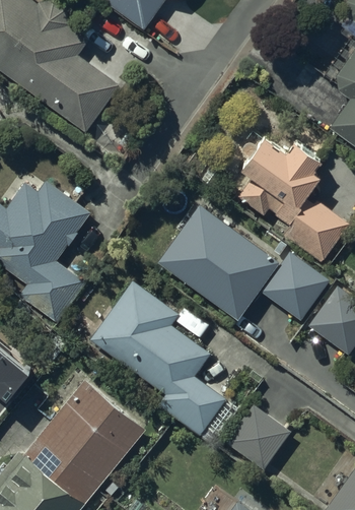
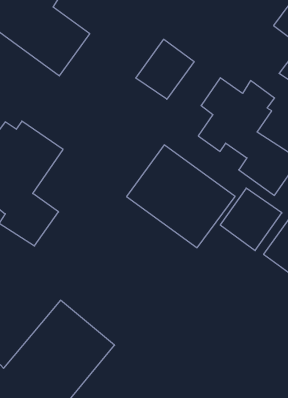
building: none -> [136,39,194,99]
building: [90,281,226,435] -> none
building: [225,403,290,468] -> none

